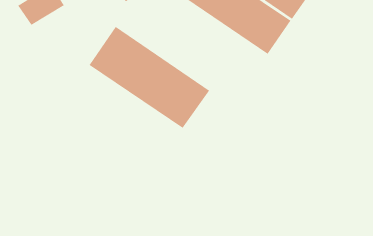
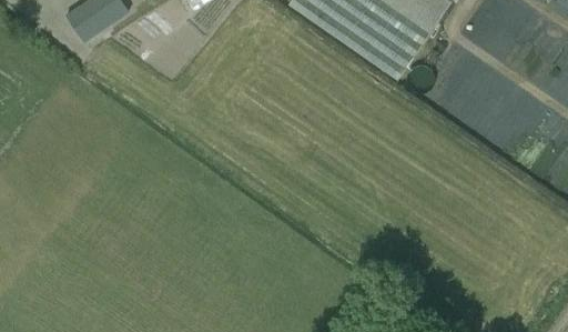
building: [89,26,210,129] -> none

